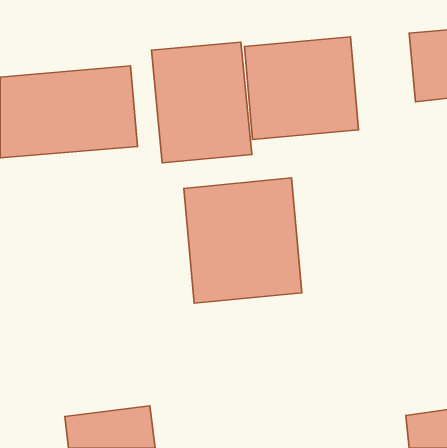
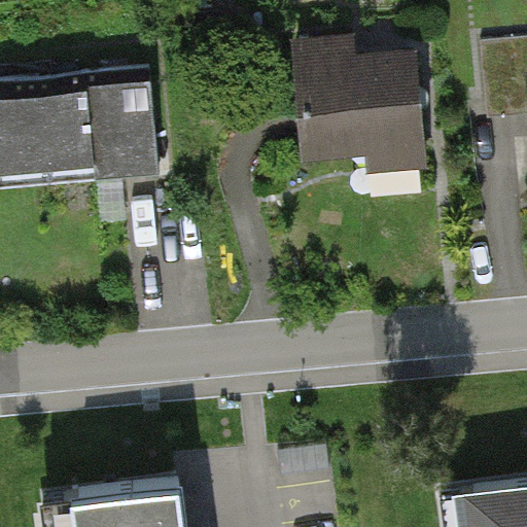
building: [151,42,252,163] -> none
building: [184,178,302,303] -> none

